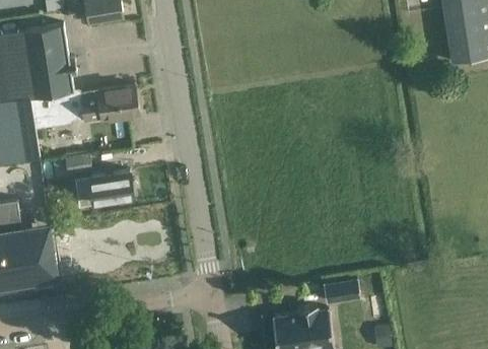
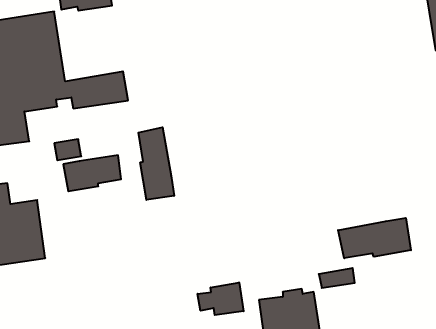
building: none -> [138,127,174,200]
building: none -> [338,218,411,258]
building: none -> [198,282,244,315]

